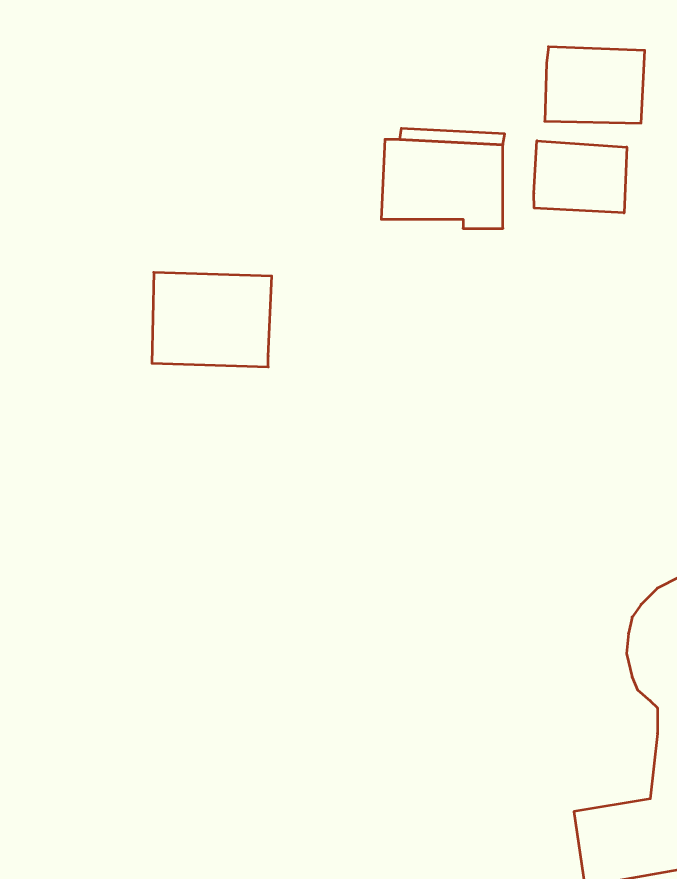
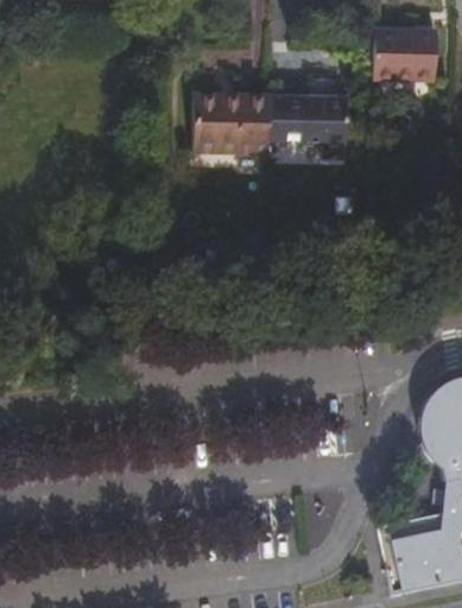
building: [534,141,627,213] -> none
building: [152,272,272,367] -> [189,94,267,156]

